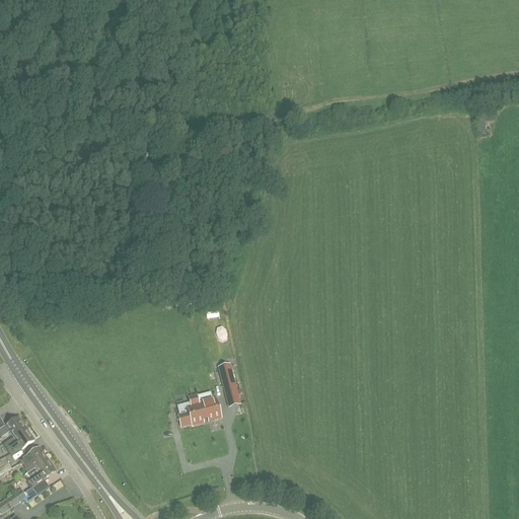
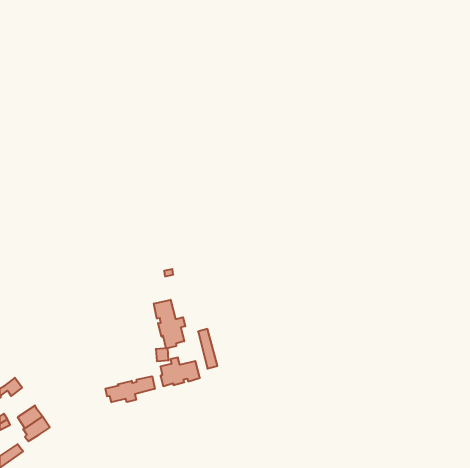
building: none -> [154,300,185,348]
building: none -> [105,376,155,402]
building: [6,427,33,454] -> none

